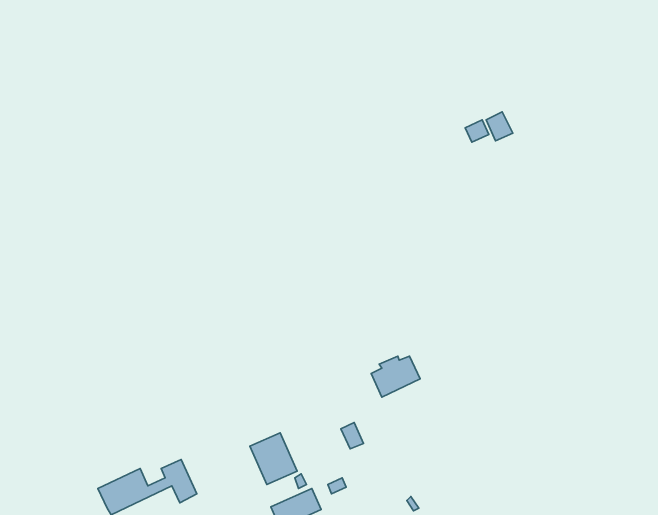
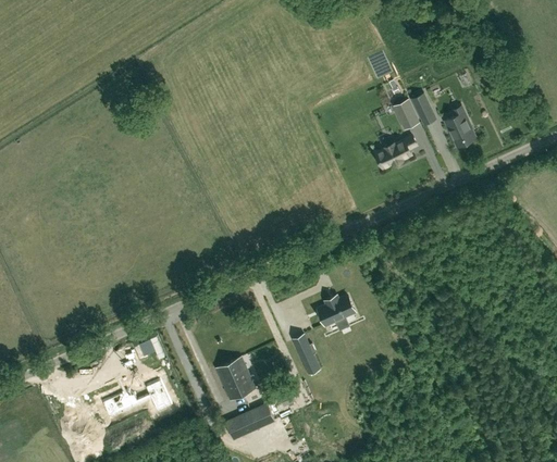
building: none -> [445,115,476,148]
building: none -> [375,137,417,168]

